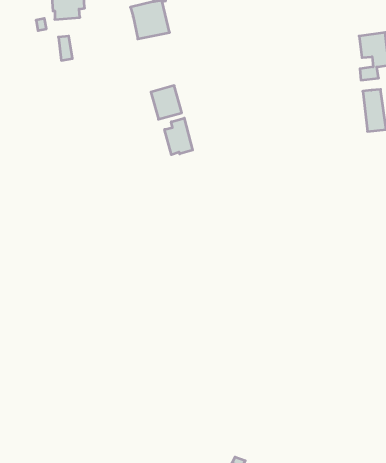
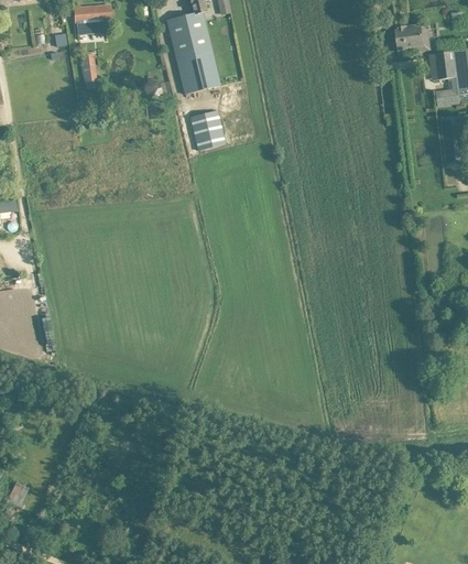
building: none -> [394,24,427,52]
building: none -> [174,47,220,94]
building: [165,118,193,155] -> none

